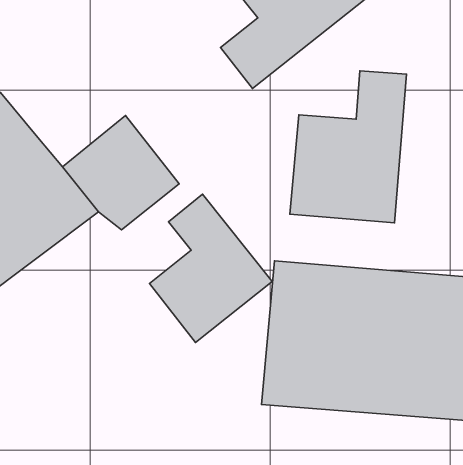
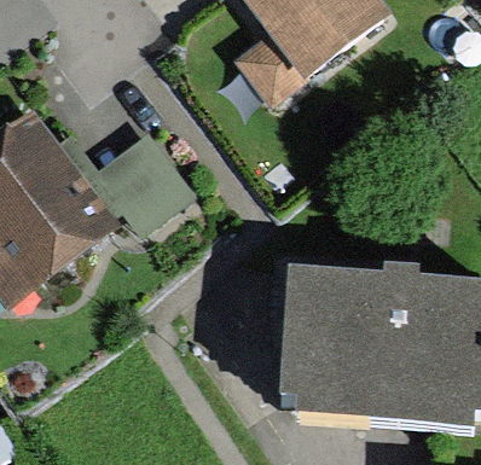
building: [290,71,407,223] -> none
building: [149,194,272,342] -> none

